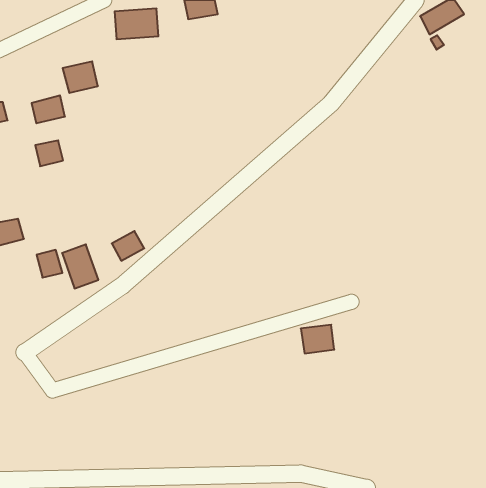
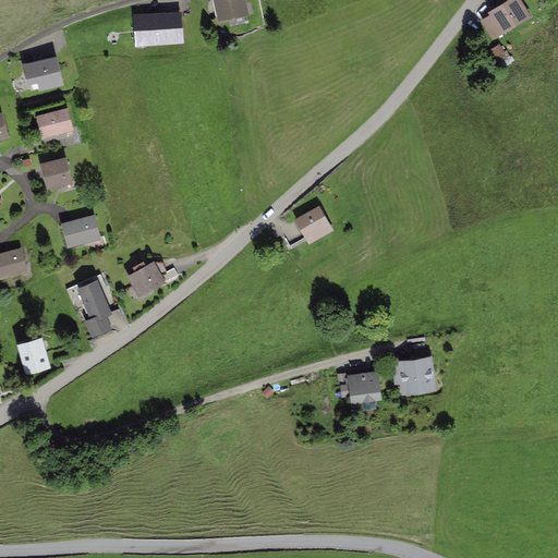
building: [63,61,98,93] -> [24,58,64,94]
building: none -> [294,207,331,245]
building: none -> [59,216,99,246]
building: [37,250,62,278] -> [19,340,48,372]
building: none -> [399,359,433,395]

